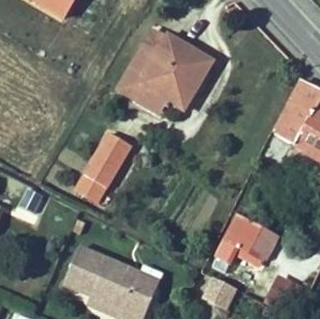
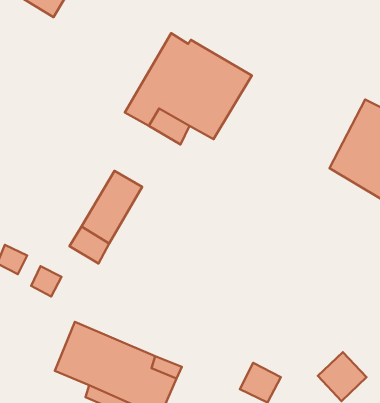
building: [211,216,277,285] -> none

